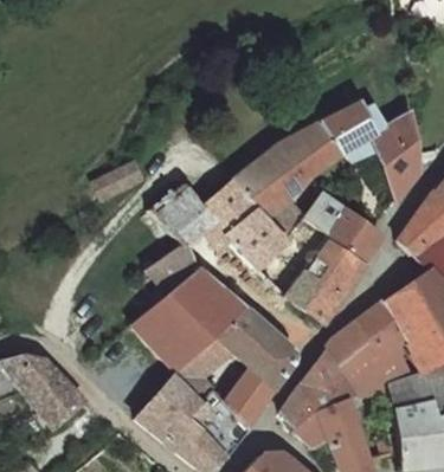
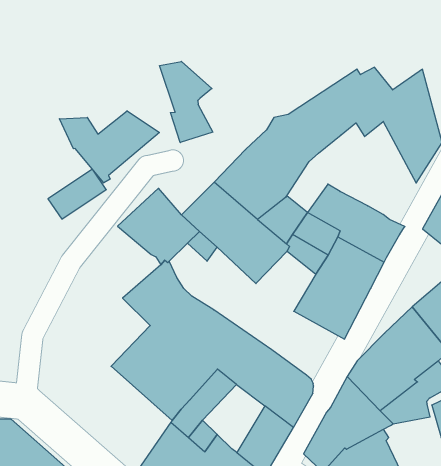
building: none -> [160,61,213,143]
building: none -> [59,111,159,183]

